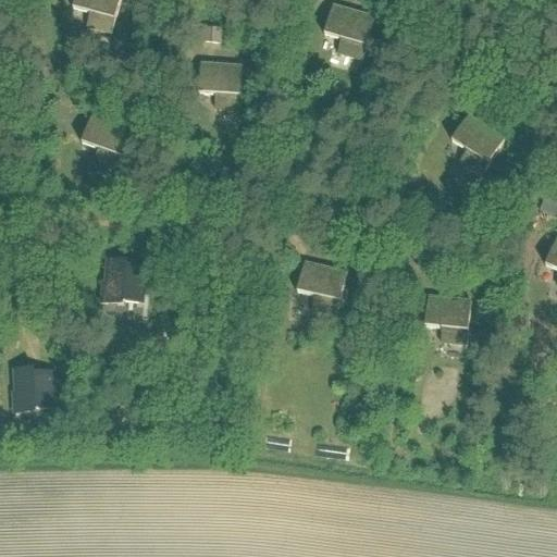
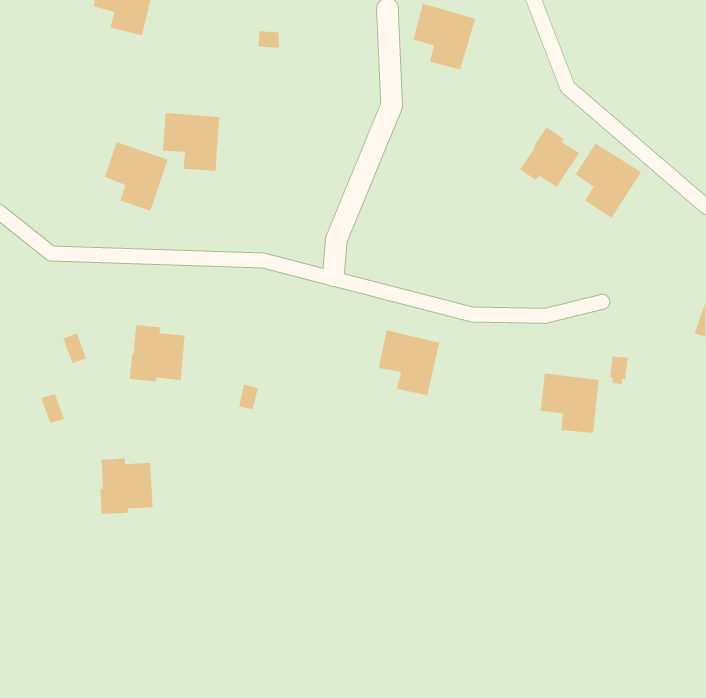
building: [198,60,244,107] -> [162,112,220,172]
building: none -> [519,126,580,188]
building: [13,364,55,409] -> [100,458,154,515]

